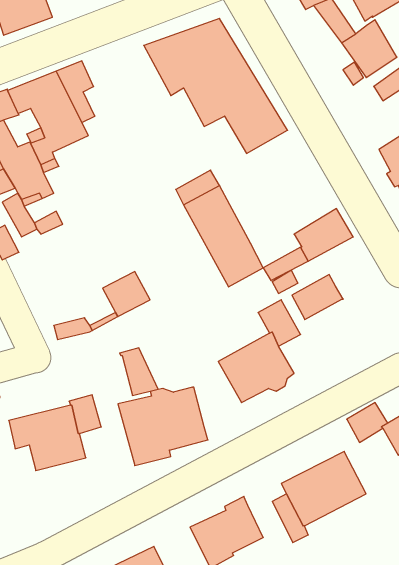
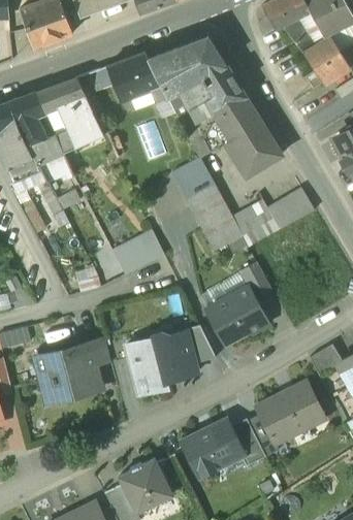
building: none -> [106,51,167,101]
building: none -> [228,125,280,175]
building: [292,275,343,320] -> [231,199,272,235]
building: [120,348,158,395] -> [184,325,215,363]
building: none -> [229,419,265,465]

